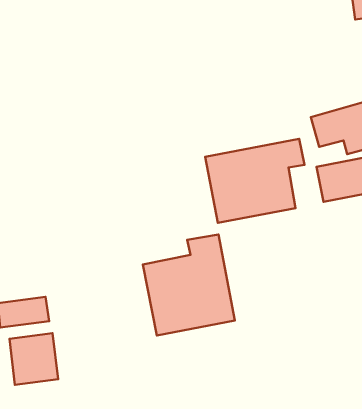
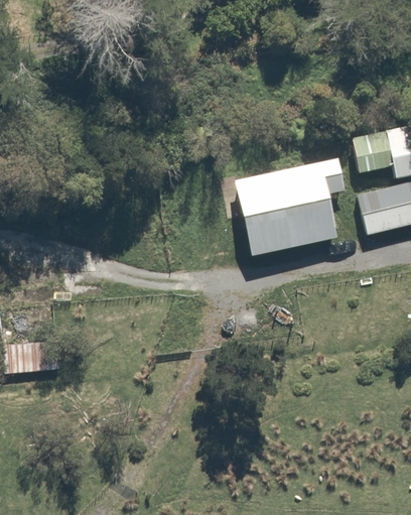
building: [143,234,235,336] -> none
building: [9,333,58,385] -> none

